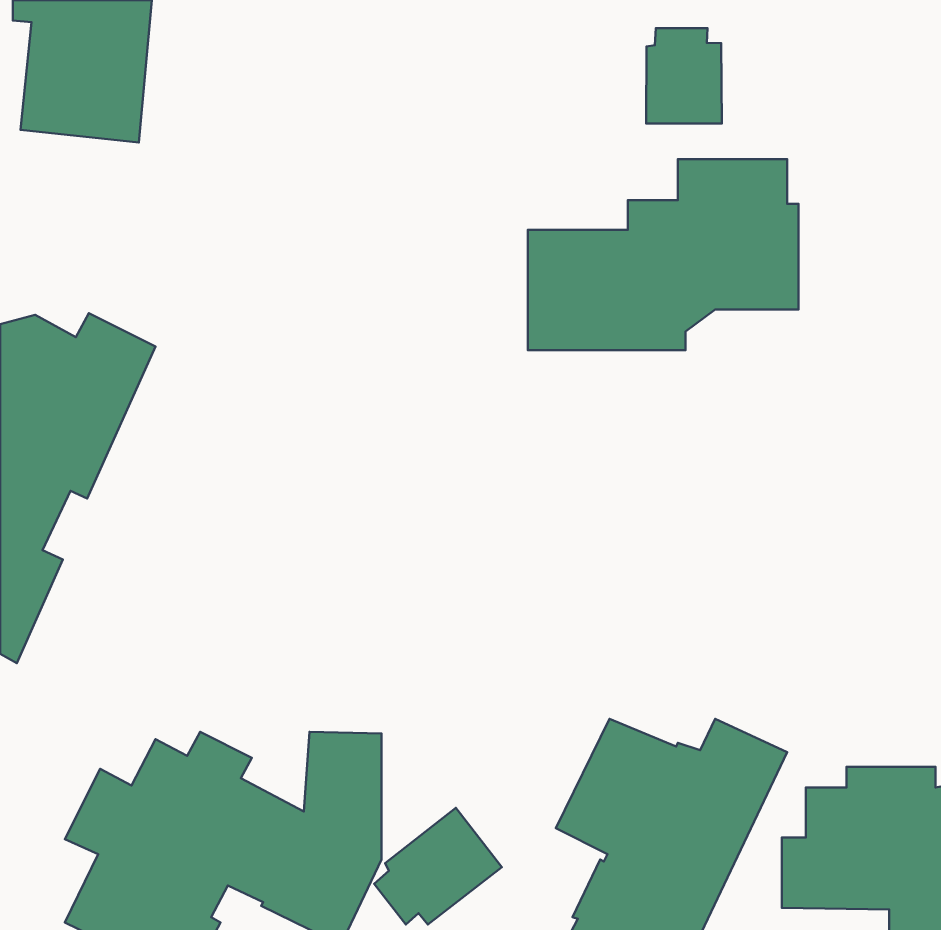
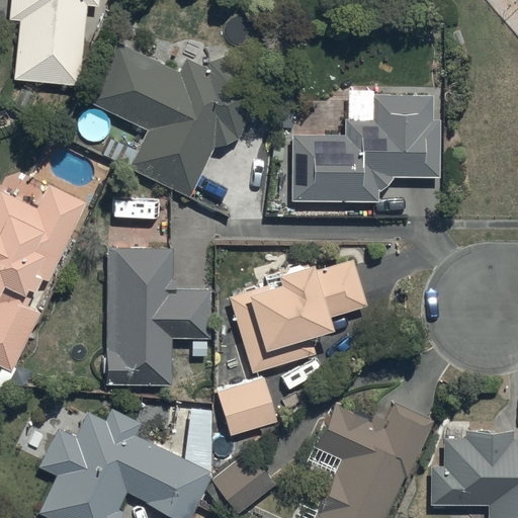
building: [646,28,722,124] -> none
building: none -> [87,41,271,198]
building: none -> [106,249,210,385]
building: none -> [217,255,366,436]

